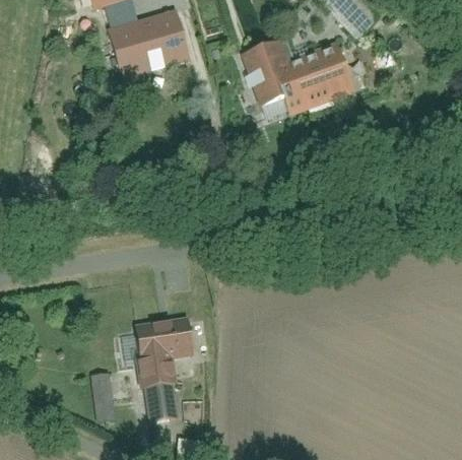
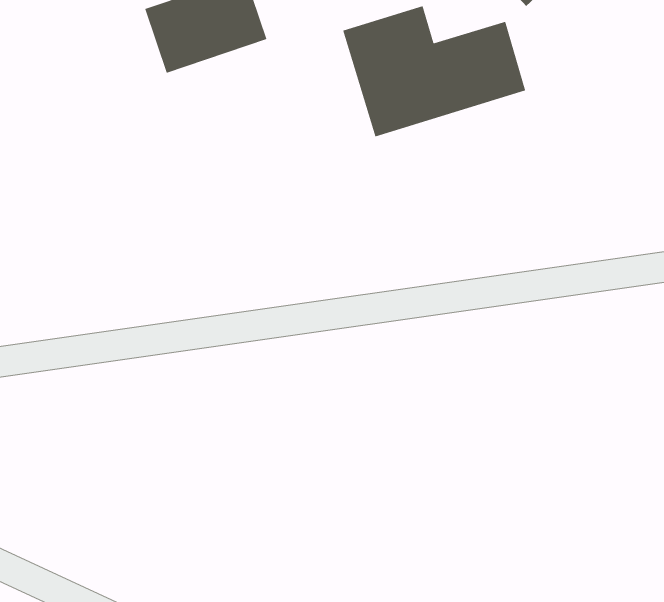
building: [134,318,193,418] -> none
building: [90,370,118,418] -> none

